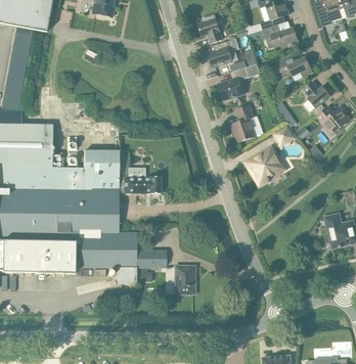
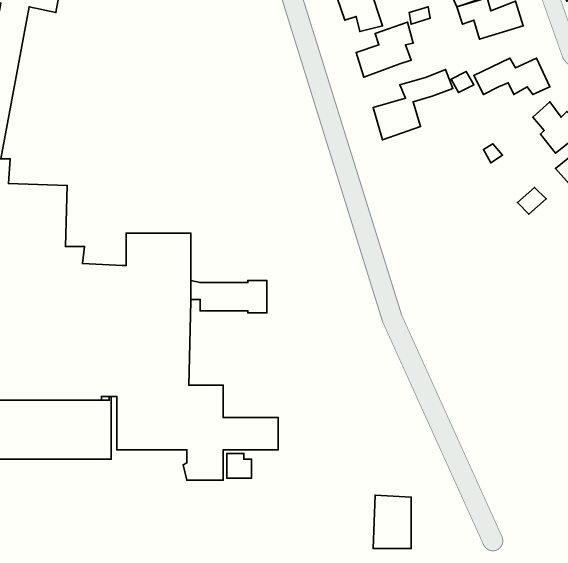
building: [231,104,255,141] -> none
building: [246,125,295,184] -> none
building: [174,265,194,293] -> [373,495,411,549]

